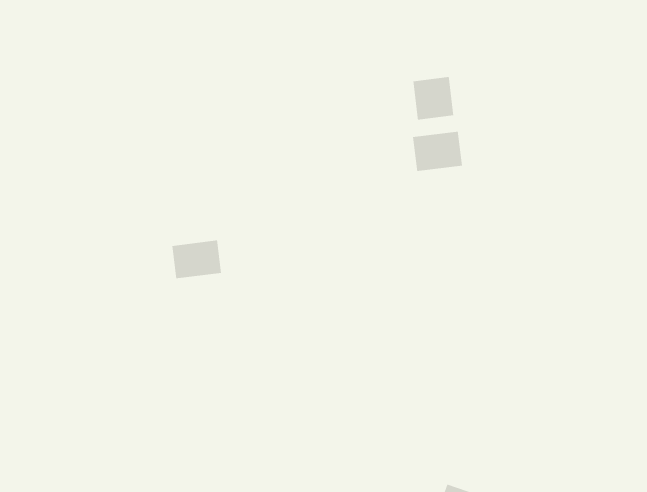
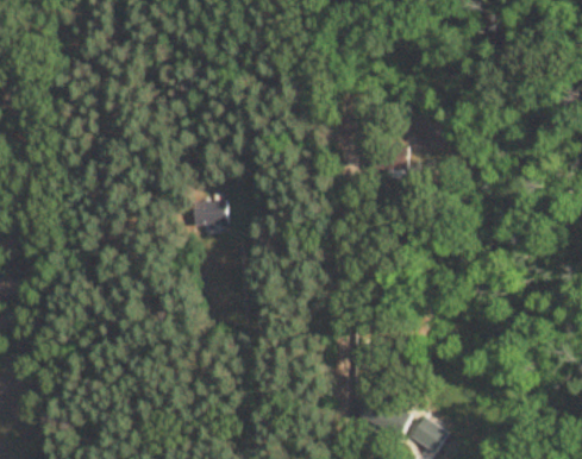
building: [413,76,454,120] -> none

